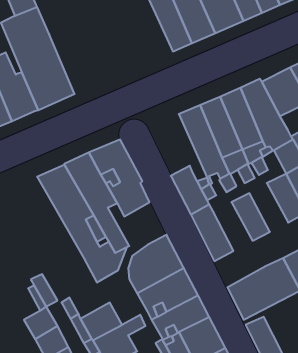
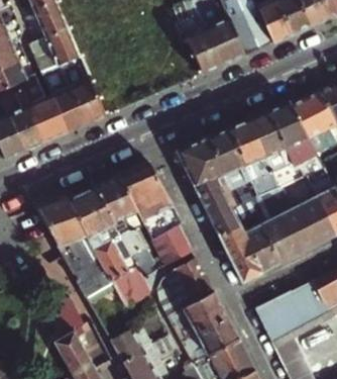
building: none -> [176,136,232,198]
building: none -> [36,195,113,294]
building: none -> [278,205,317,254]
building: none -> [153,224,192,264]
building: none -> [242,224,282,273]

